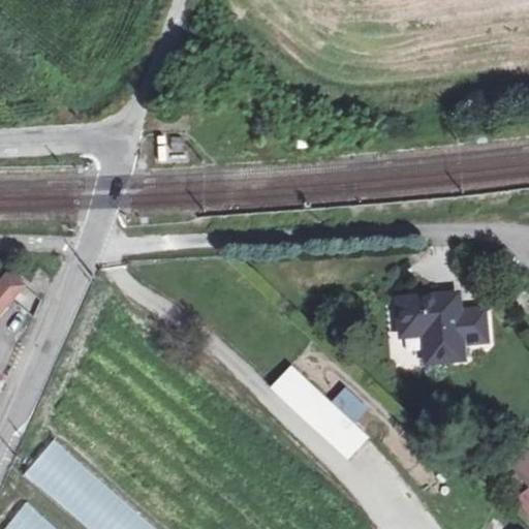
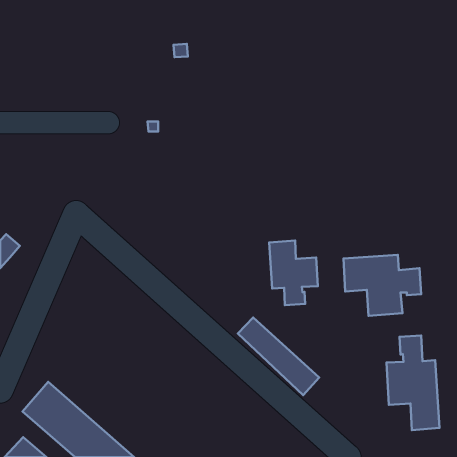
building: none -> [269,241,318,305]
building: none -> [386,336,439,430]

